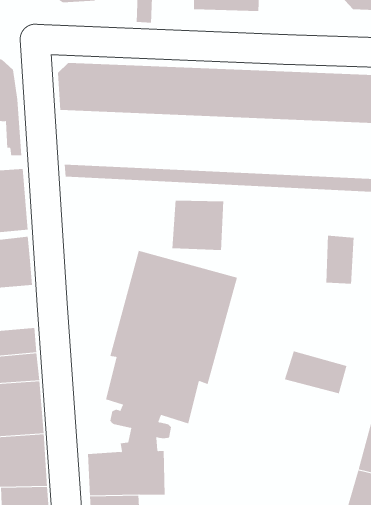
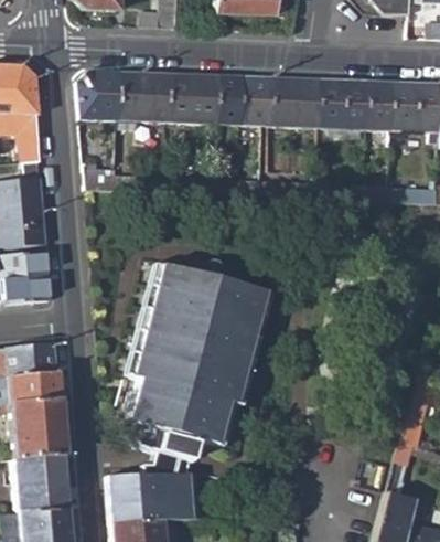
building: [172,200,224,251] -> none
building: [326,235,354,284] -> none
building: [284,350,347,394] -> none

